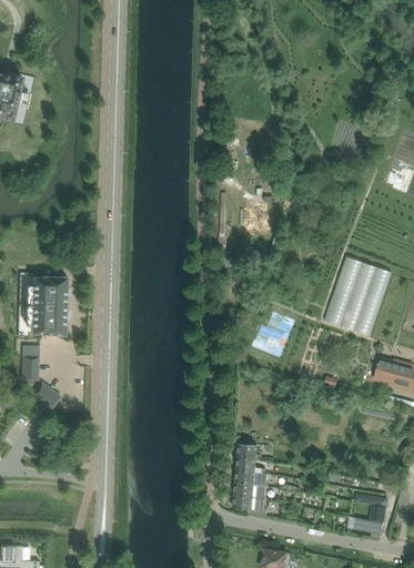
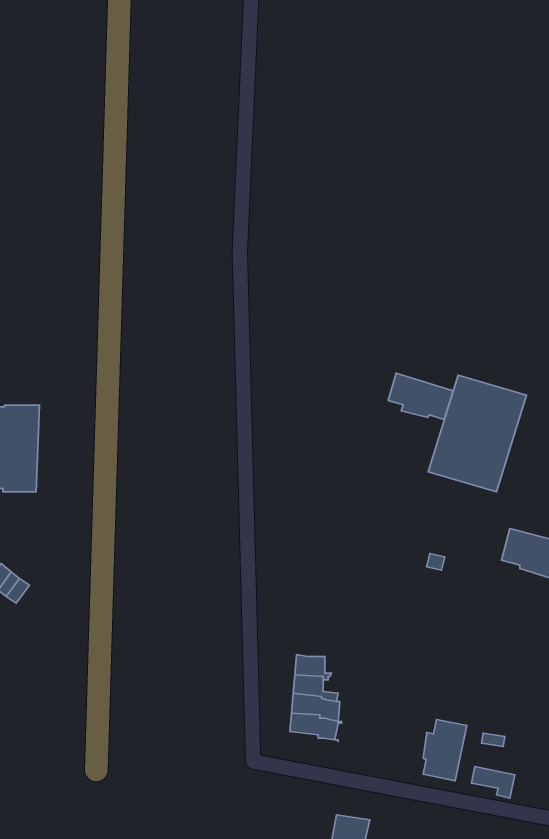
building: none -> [388,373,453,419]
building: none -> [423,719,467,781]
building: [232,495,266,517] -> none

